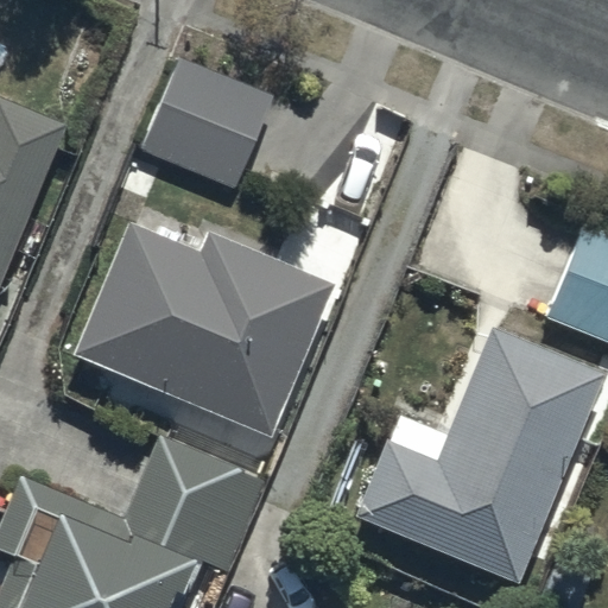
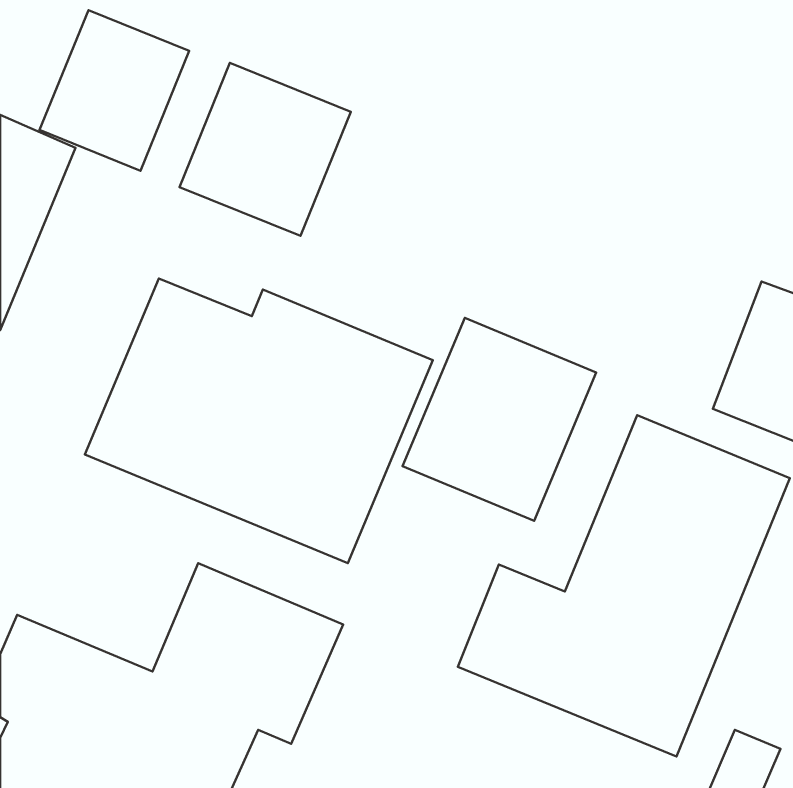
building: none -> [40,10,189,171]
building: none -> [403,318,596,521]

